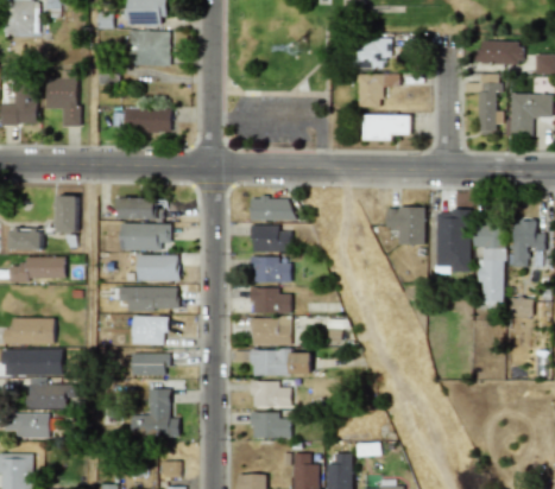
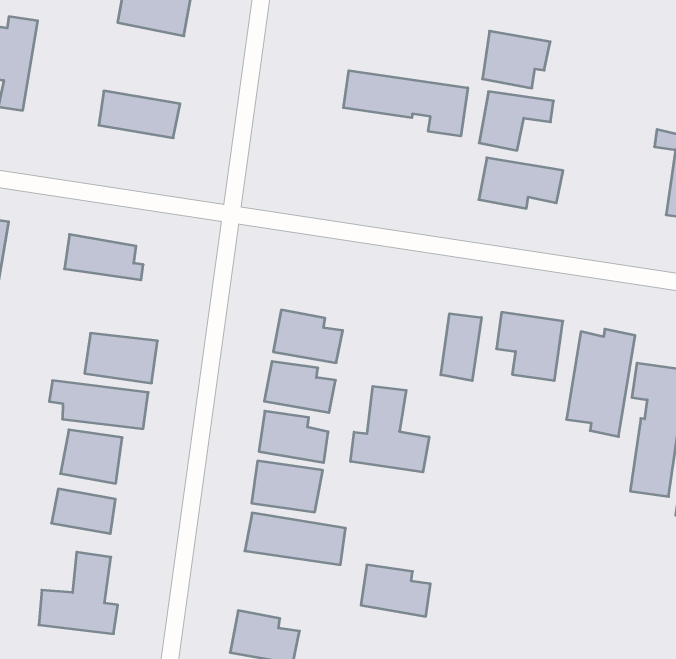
building: none -> [343,71,468,136]
building: [251,197,291,220] -> none
building: none -> [441,314,481,381]
building: [120,222,171,250] -> none
building: none -> [351,386,429,472]
building: [251,381,291,407] -> [361,565,430,616]

